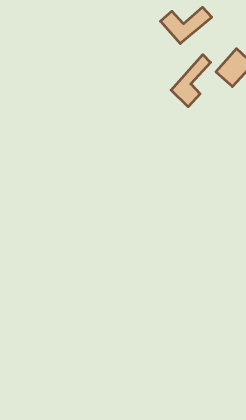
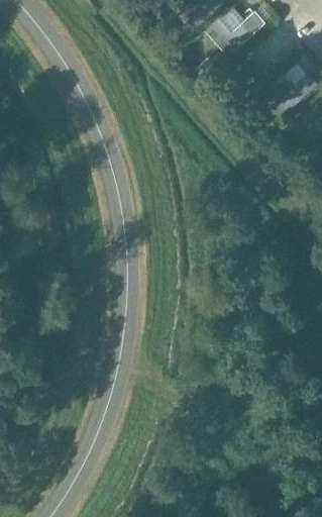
building: [171,55,211,107] -> none

